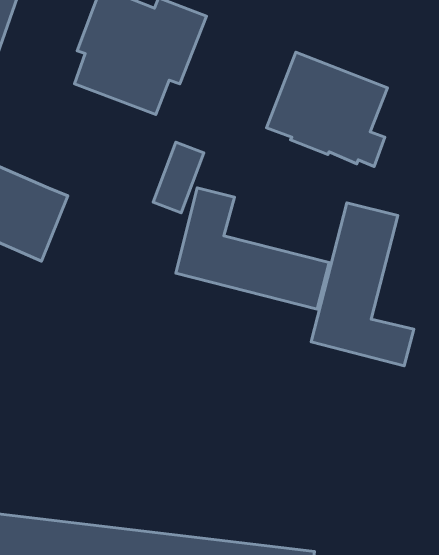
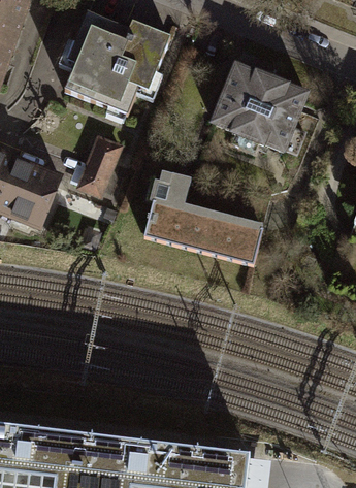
building: [153,142,204,213] -> [80,137,120,192]
building: [311,203,414,366] -> none

